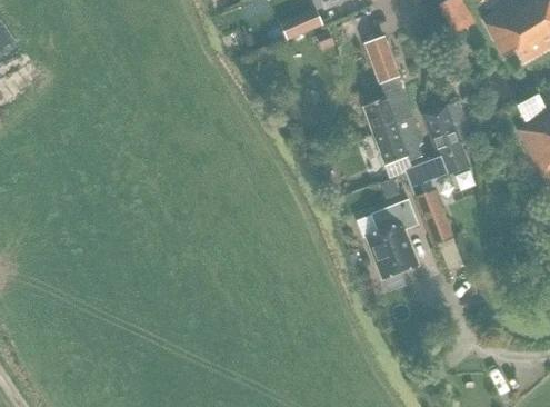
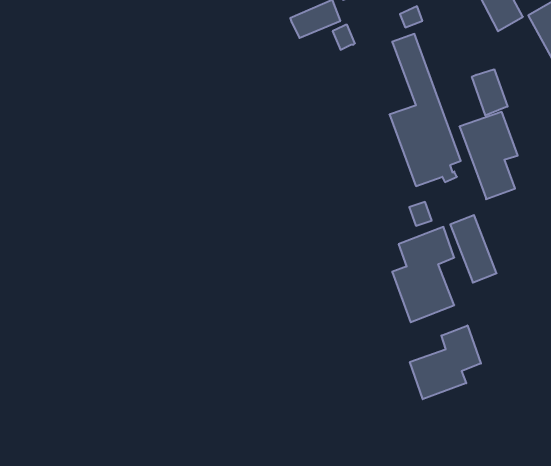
building: none -> [472,69,508,115]
building: [404,157,446,188] -> none
building: none -> [410,325,481,399]

